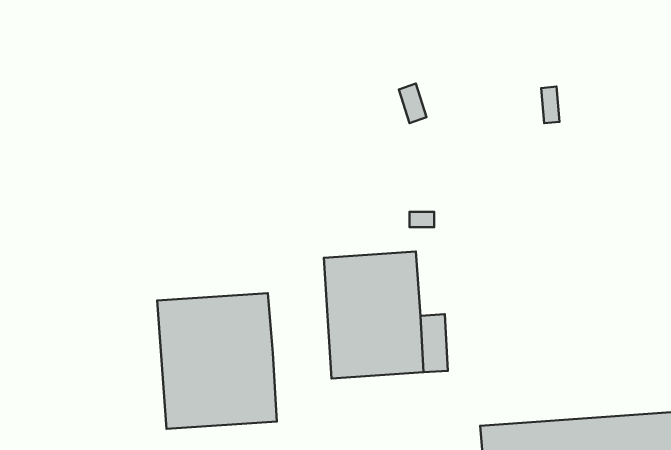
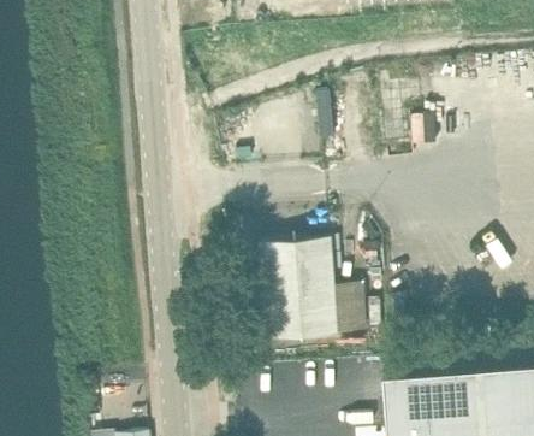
building: [157,293,277,429] -> none

